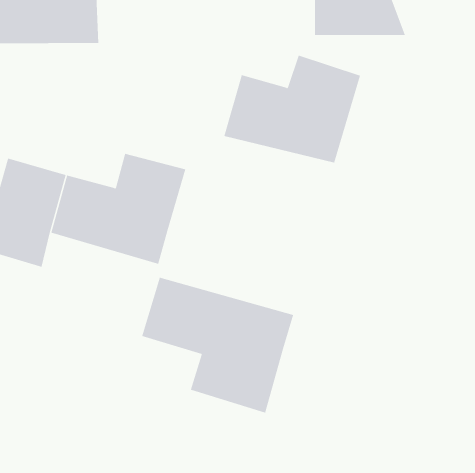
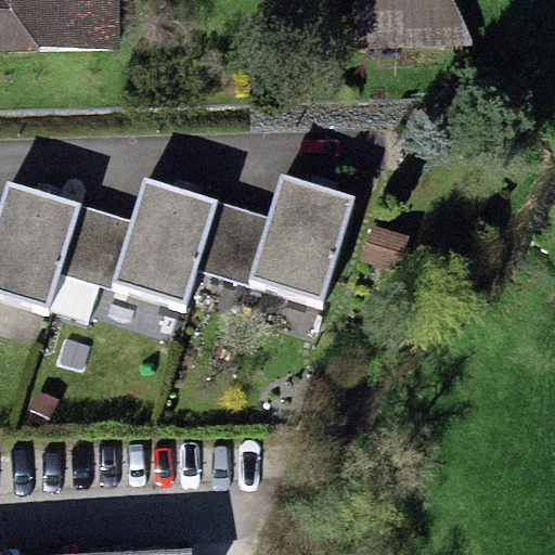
building: [223,55,361,163] -> [195,173,354,299]
building: [142,277,294,413] -> none

